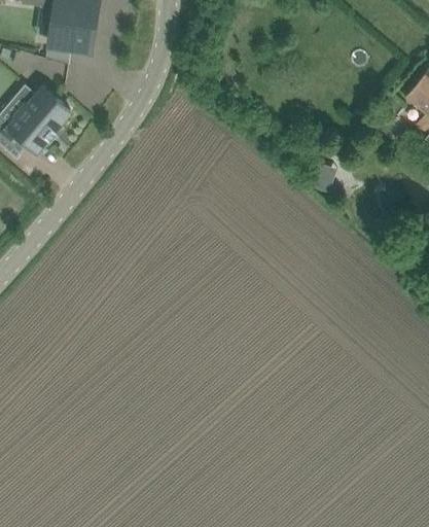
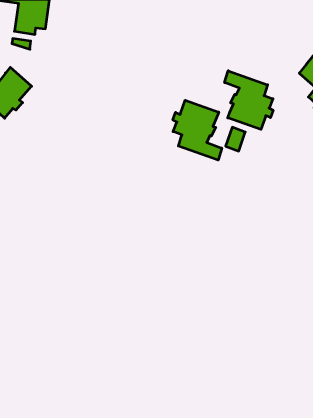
building: none -> [225,71,273,129]
building: none -> [173,100,222,160]

